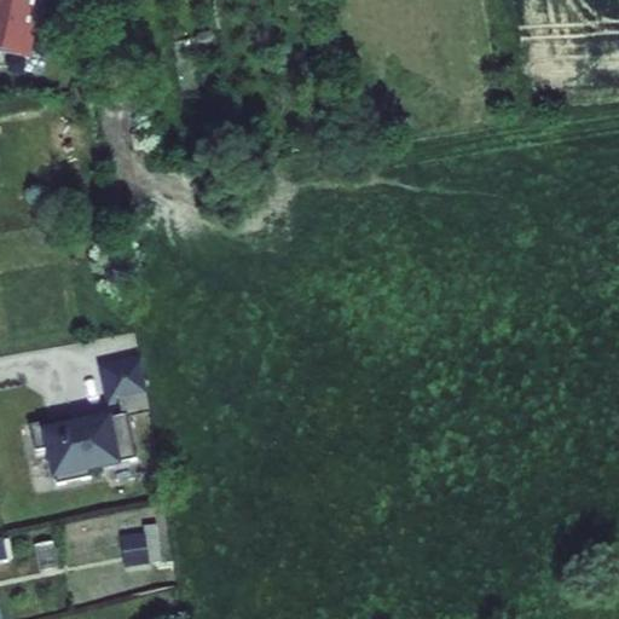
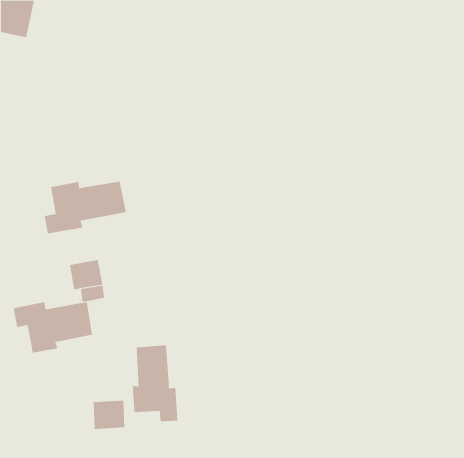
building: none -> [44,181,126,234]
building: none -> [132,344,178,422]

